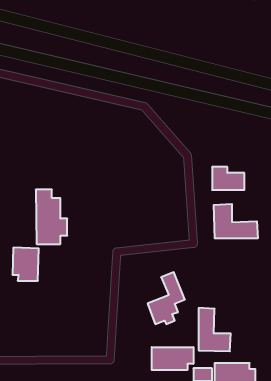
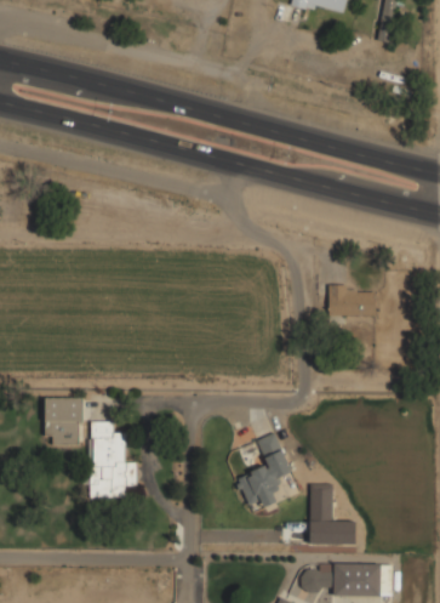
building: [36,190,67,244] -> [90,421,135,499]
building: [214,204,258,238] -> none
building: [152,347,193,370] -> none

